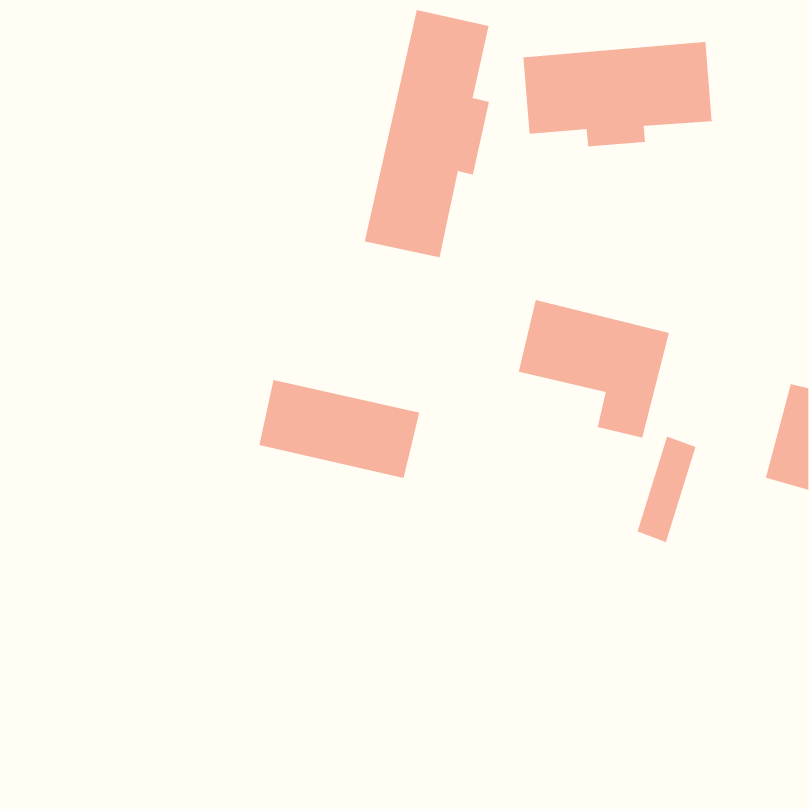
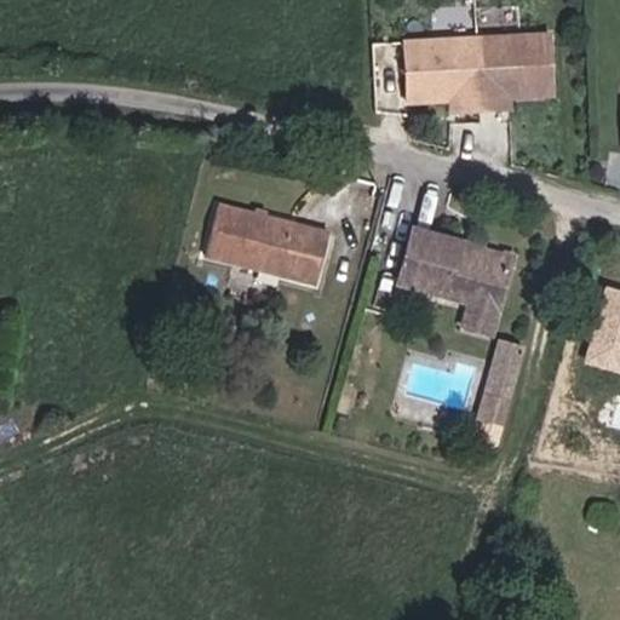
building: [364,9,490,258] -> none
building: [259,379,420,479] -> [209,206,333,282]

